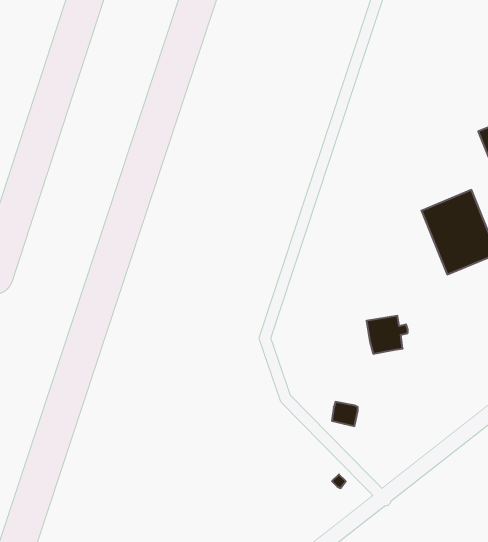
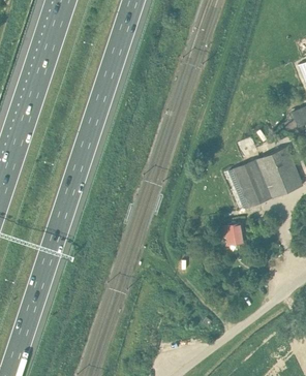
building: none -> [234,159,272,207]

